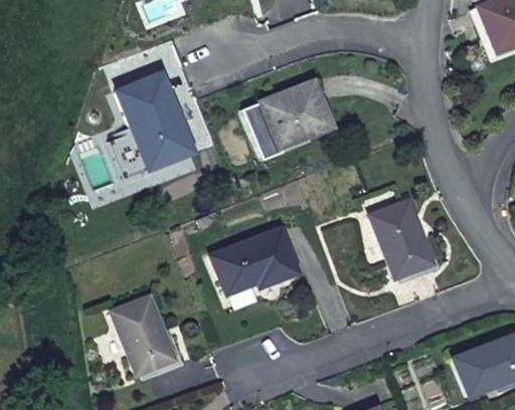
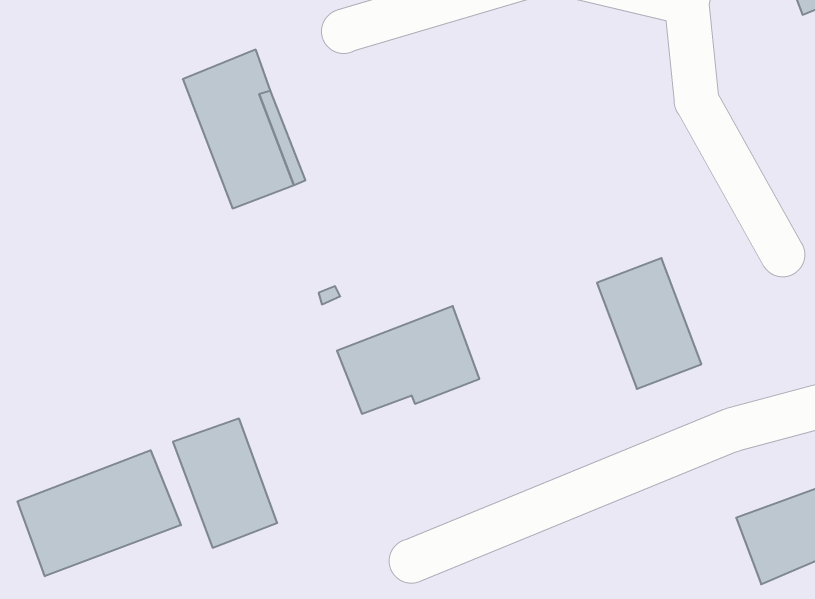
building: [241,81,331,160] -> none
building: none -> [18,450,181,576]

